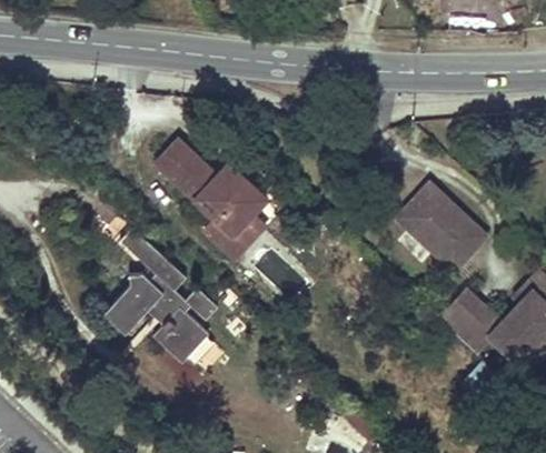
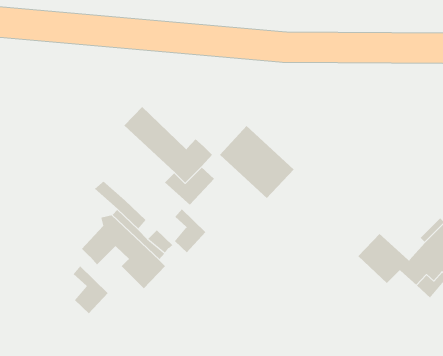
building: [387,177,478,265] -> [219,125,295,199]
building: none -> [174,208,206,253]
building: none -> [73,265,109,314]

